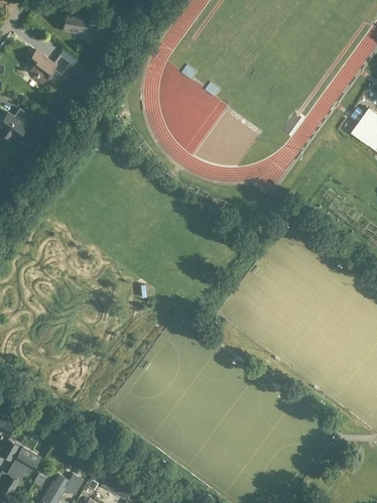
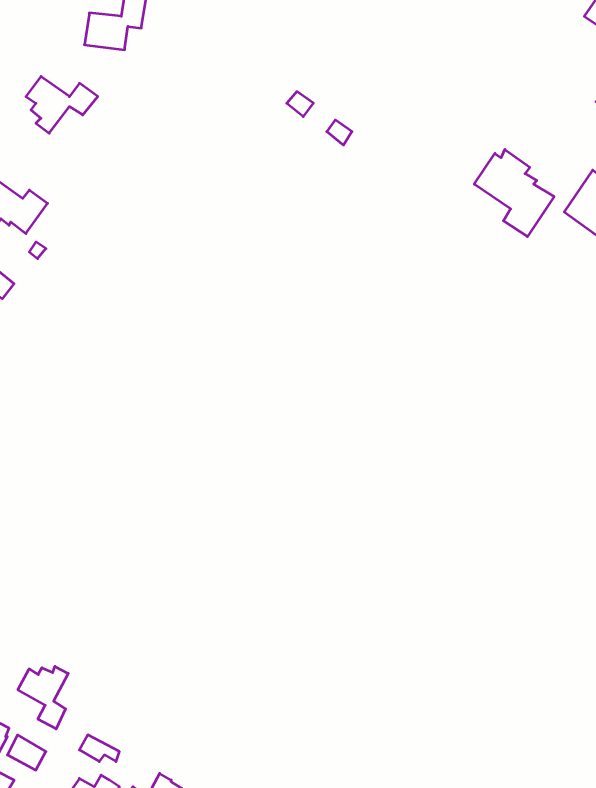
building: none -> [474,149,554,237]
building: none -> [18,666,68,729]

